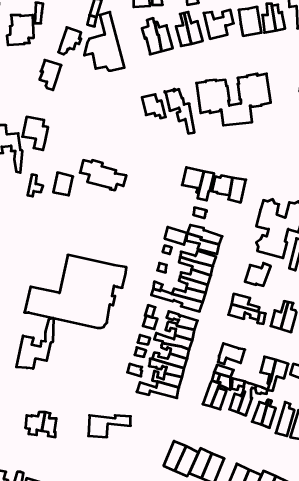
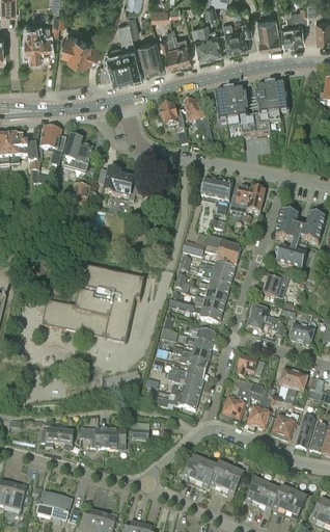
building: none -> [138,37,163,70]
building: [40,60,61,90] -> [62,31,84,61]
building: none -> [63,137,93,169]
building: [16,318,53,369] -> none
building: none -> [81,426,107,449]

